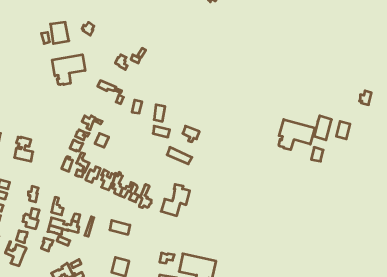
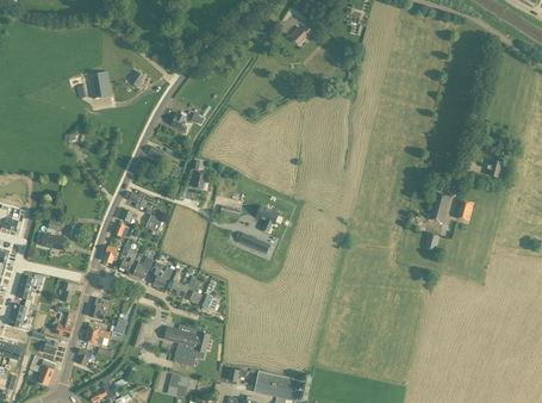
building: [52,55,85,85] -> none
building: [279,119,315,150] -> none
building: [161,184,190,216] -> [172,326,208,366]

